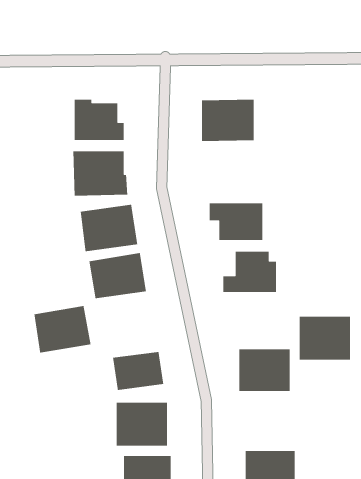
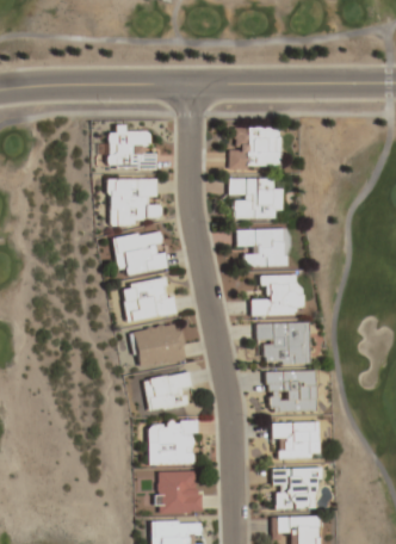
building: none -> [231,178,283,218]
building: [33,305,92,353] -> [132,321,188,367]
building: [299,316,351,360] -> [260,321,310,364]
building: none -> [271,421,318,458]

